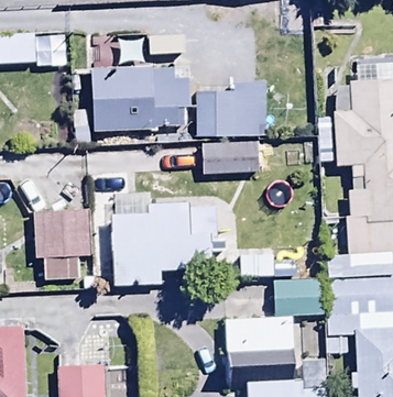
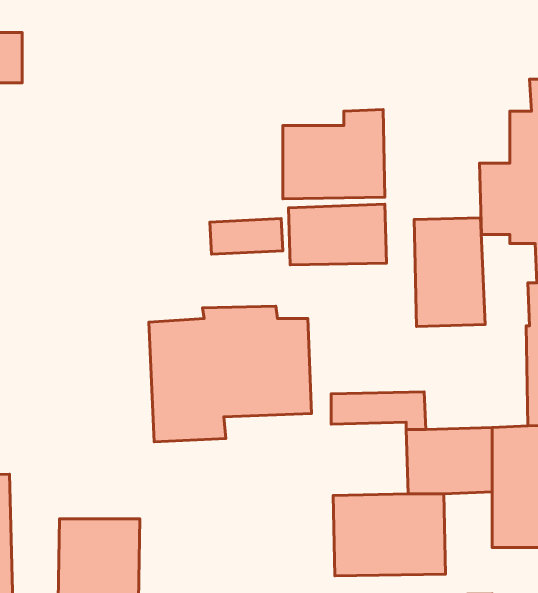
building: [89,68,187,132] -> none
building: none -> [414,218,485,327]
building: [32,210,91,280] -> none

